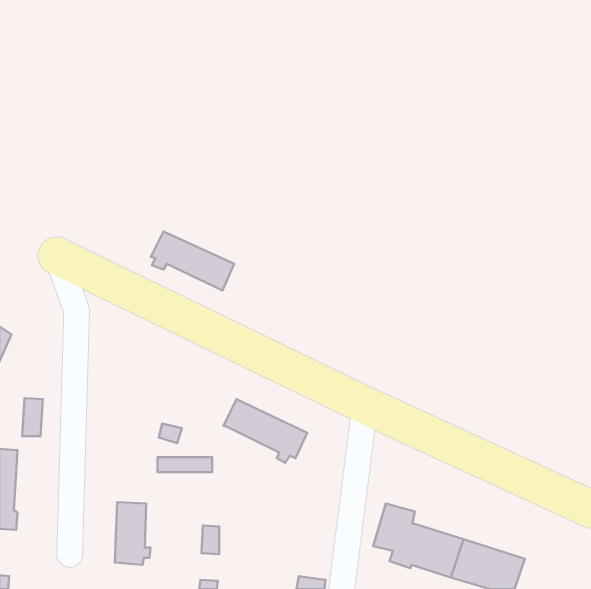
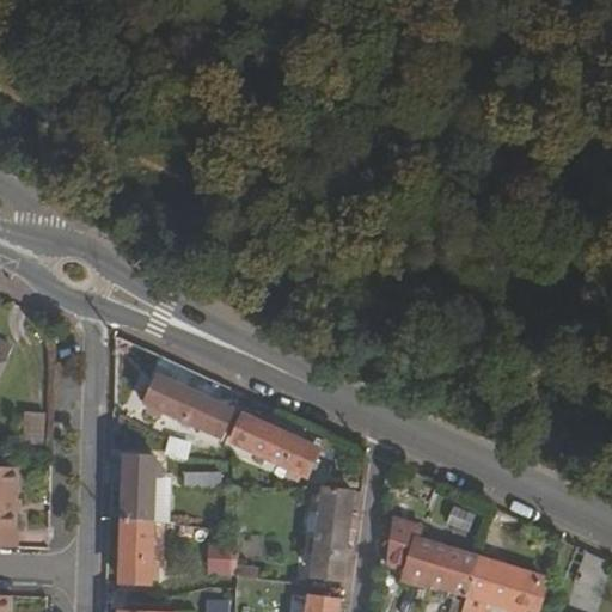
building: [151,231,234,290] -> [146,374,232,435]
building: none -> [121,455,160,520]
building: none -> [307,485,351,579]

